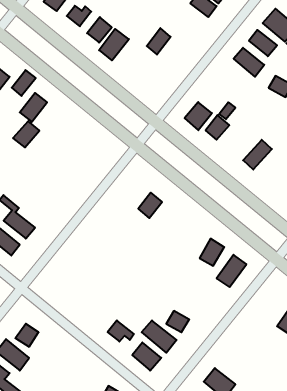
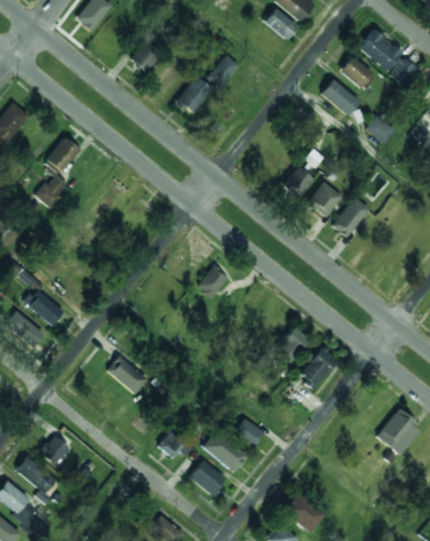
building: [67,6,91,26] -> none
building: [99,29,129,60] -> [175,76,213,117]
building: [12,70,36,96] -> none
building: [185,102,212,130] -> [308,181,343,218]
building: none -> [107,356,148,393]

